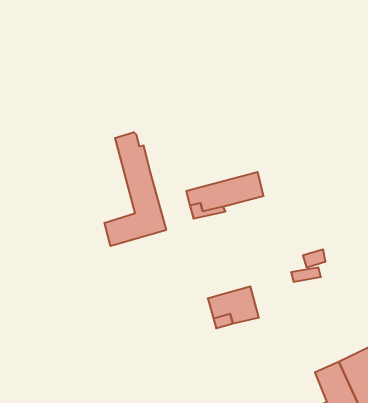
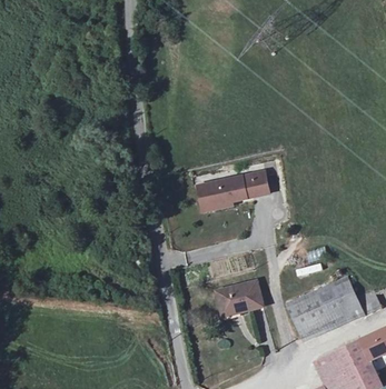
building: [104,132,166,246] -> none
building: none -> [288,277,359,337]

